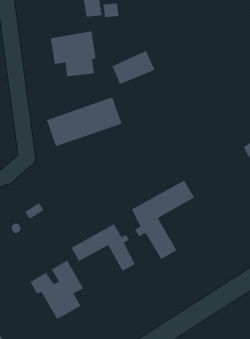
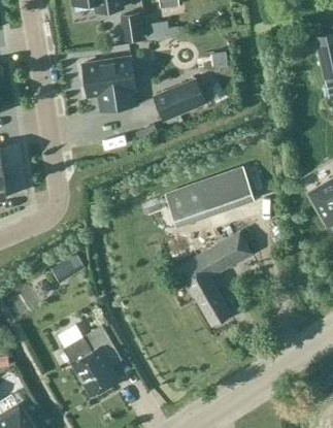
building: [46,96,122,147] -> [164,166,254,226]
building: [71,223,136,272] -> none

